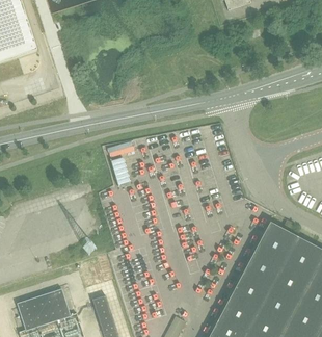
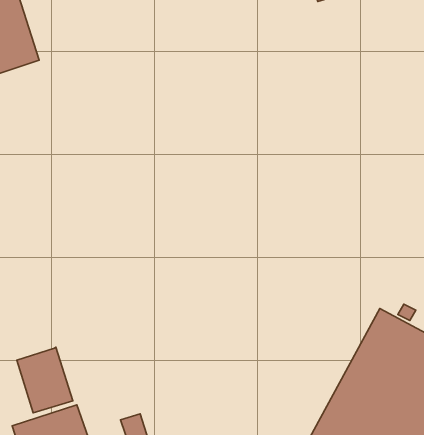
building: none -> [17,347,73,413]

